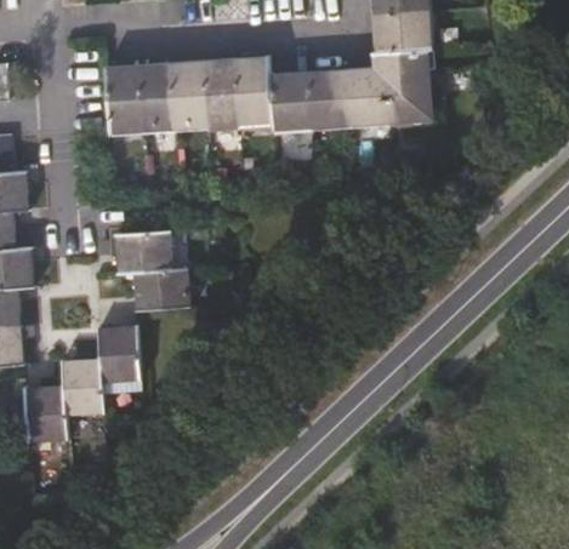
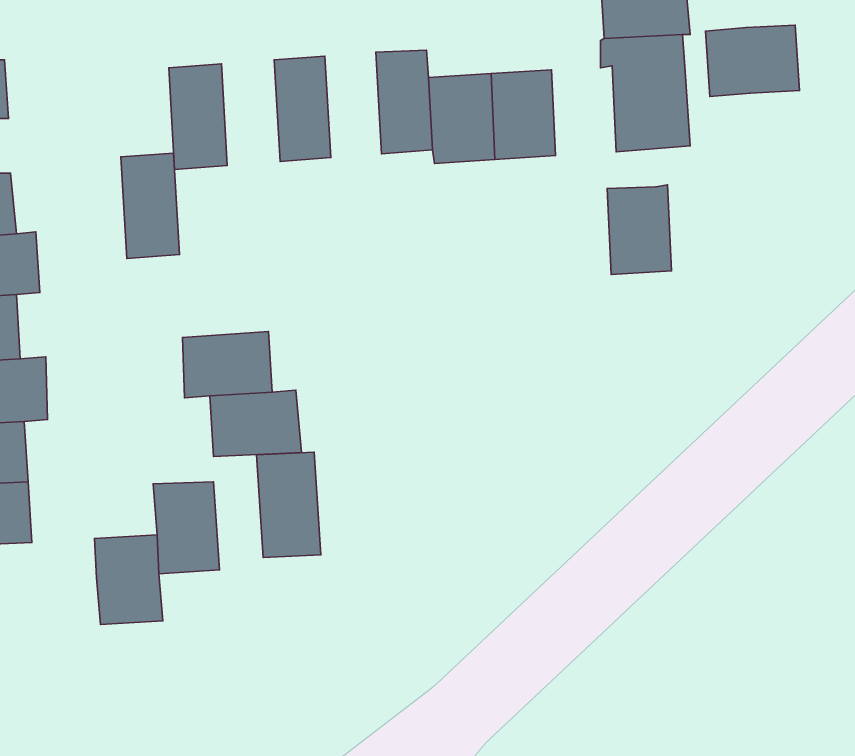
building: none -> [705,25,800,96]
building: [205,59,240,125] -> none
building: [141,64,177,130] -> [121,153,180,259]
building: [346,68,386,124] -> [607,185,672,275]
building: none -> [257,452,321,557]
building: [25,385,67,441] -> none

